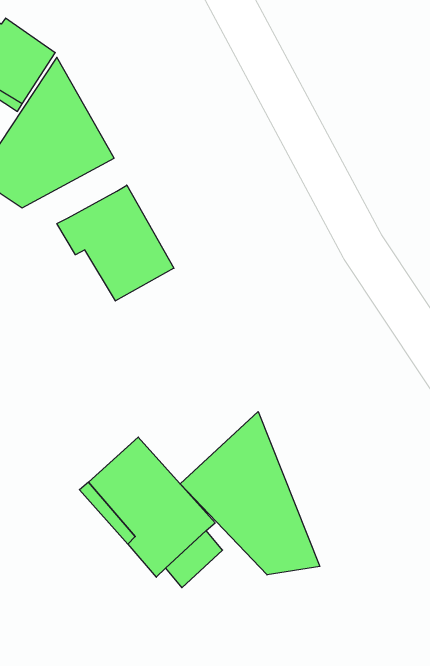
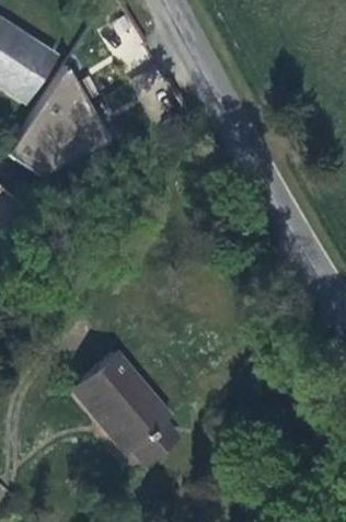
building: [57,185,174,301] -> none
building: [180,412,320,575] -> none

